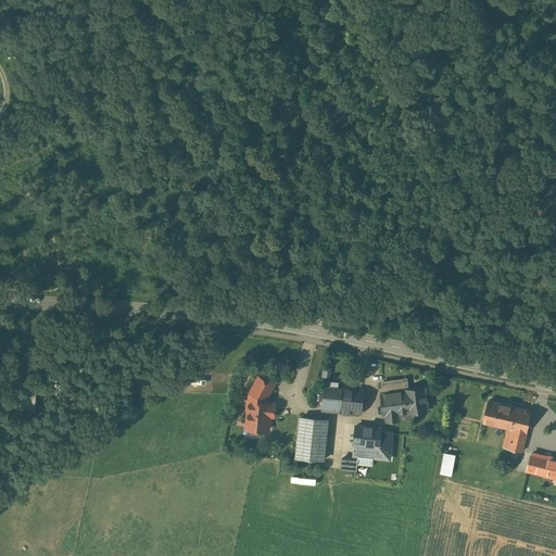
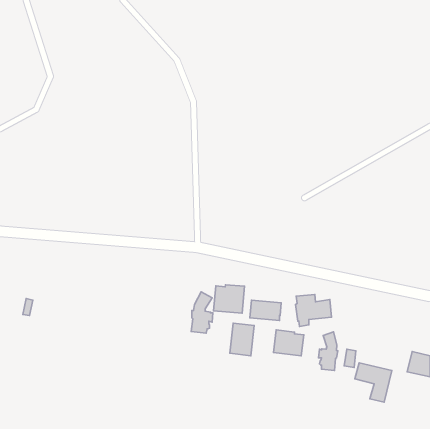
building: none -> [214,285,245,313]
building: [483,402,531,453] -> [355,363,392,402]
building: none -> [318,332,338,371]

